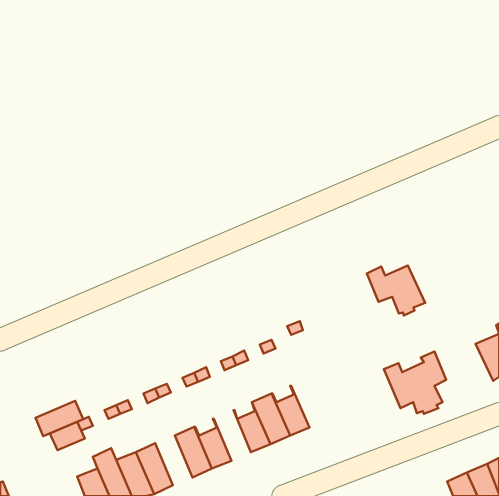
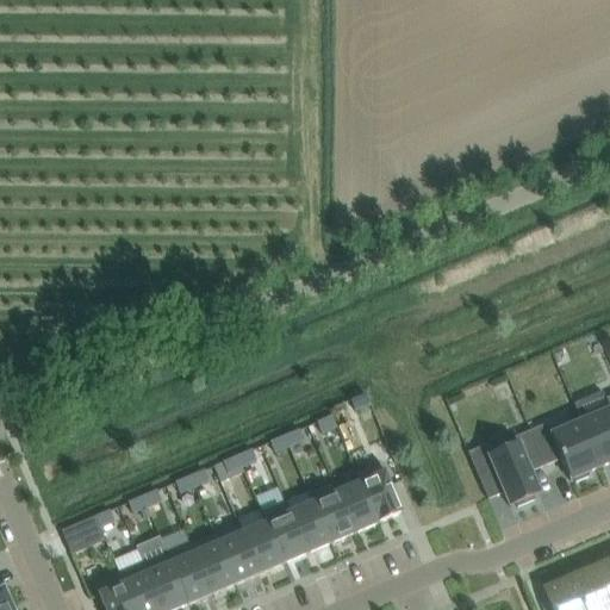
building: [367,266,425,315] -> [530,419,602,480]
building: none -> [355,460,403,522]
building: [36,401,83,436] -> none
building: none -> [256,490,306,562]
building: none -> [189,531,235,592]

